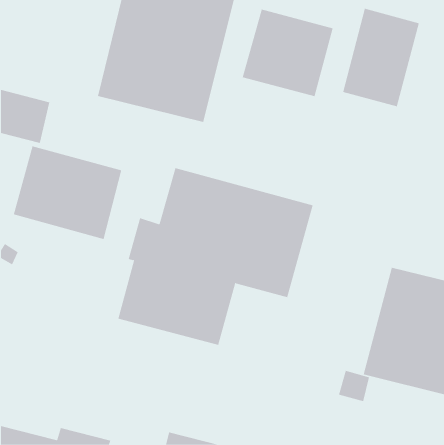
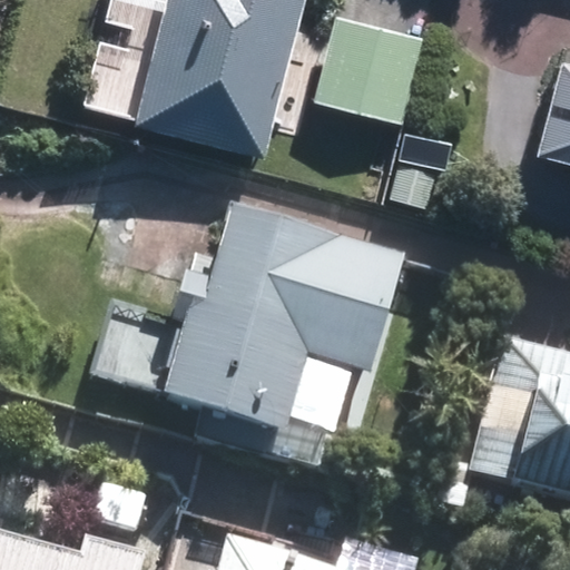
building: [342,8,420,107] -> none
building: [13,145,122,240] -> none

